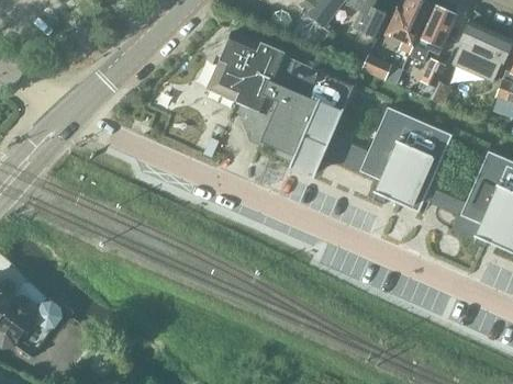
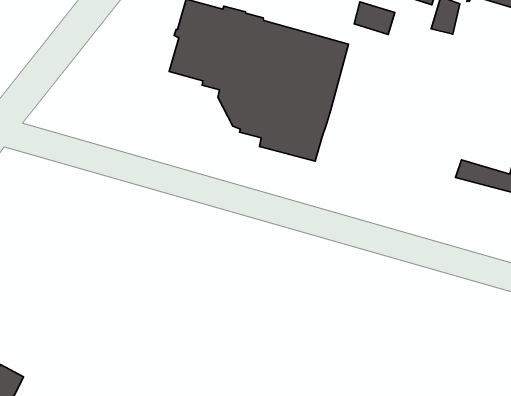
building: [323,106,451,212] -> none

